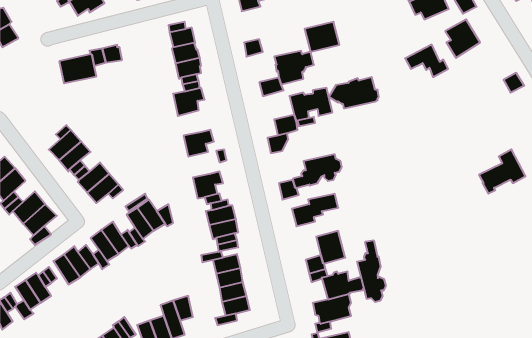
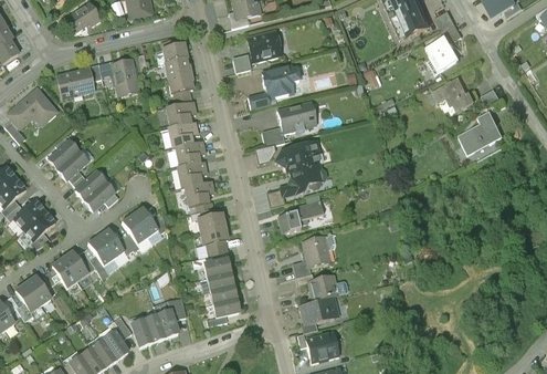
building: [305,22,339,52] -> [248,31,281,60]
building: none -> [115,59,137,91]
building: [405,45,448,77] -> [432,77,473,108]
building: none -> [8,89,56,127]
building: [329,77,379,108] -> [275,141,323,170]
building: none -> [168,122,197,147]
building: [479,149,526,194] -> [457,111,502,153]
building: none -> [177,162,206,187]
building: [357,240,386,302] -> none

